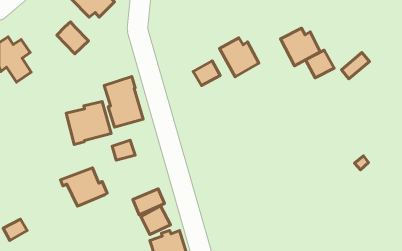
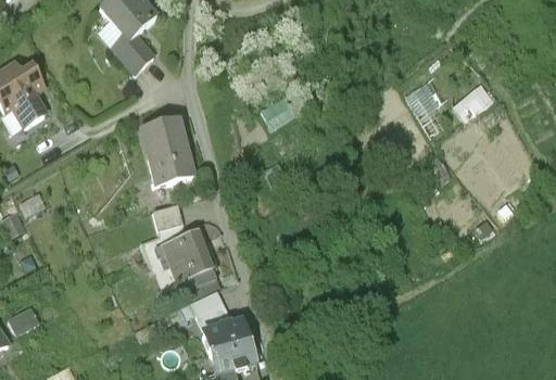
building: [57,22,89,54] -> [111,30,153,73]
building: [281,28,320,66] -> none
building: [219,38,259,77] -> none
building: [66,102,111,145] -> none
building: [60,168,107,206] -> [154,228,216,279]

